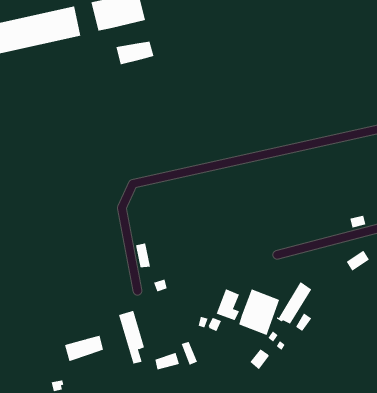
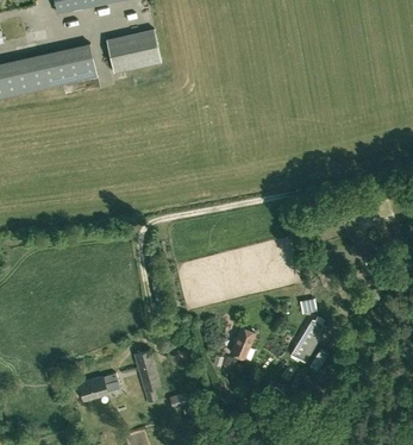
building: [116,41,154,65] -> none
building: [238,288,280,336] -> none

